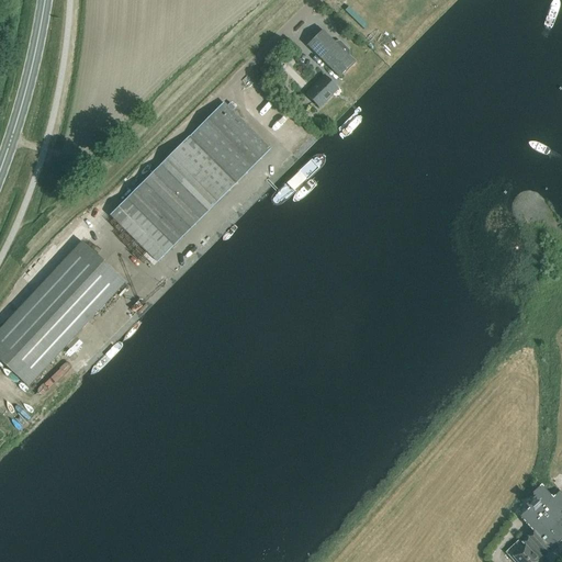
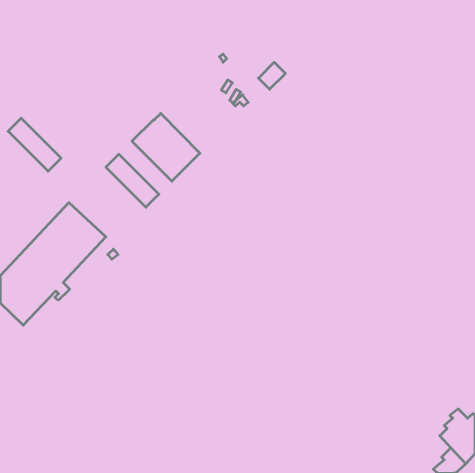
building: [306,27,353,75] -> none
building: [190,101,269,181] -> none
building: [140,167,203,229] -> none
building: [110,198,172,260] -> [8,118,61,171]

